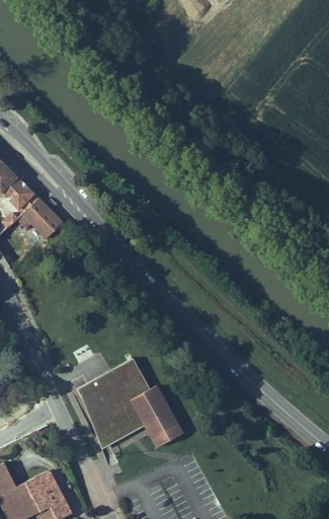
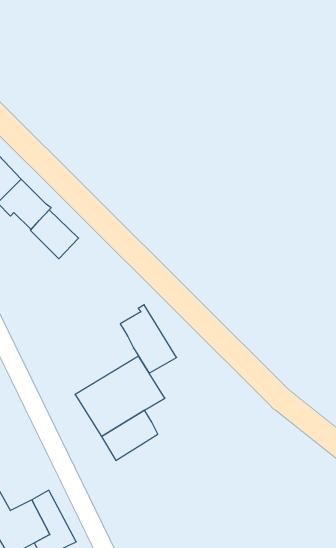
building: none -> [31,210,79,259]
building: [137,383,184,441] -> [120,305,177,373]

